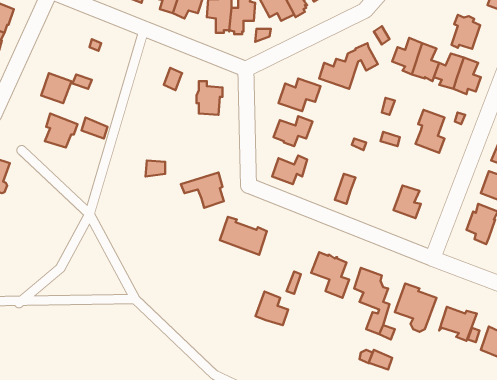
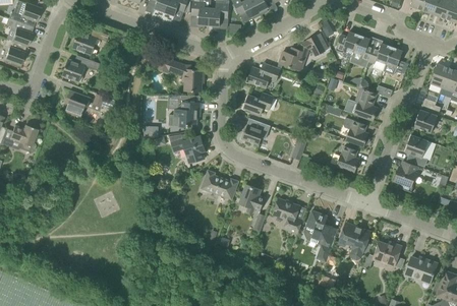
building: [452,15,480,49] -> none
building: none -> [72,29,98,54]
building: none -> [168,94,201,126]
building: none -> [343,117,369,145]
building: [255,291,288,325] -> [239,183,265,209]

